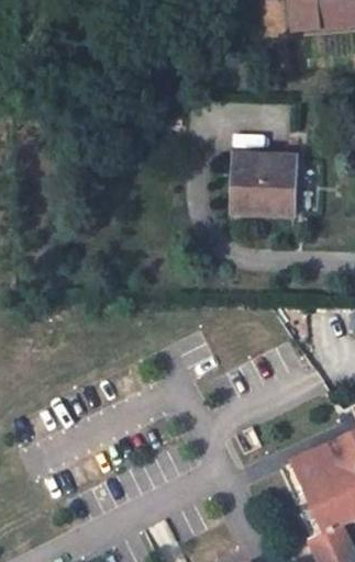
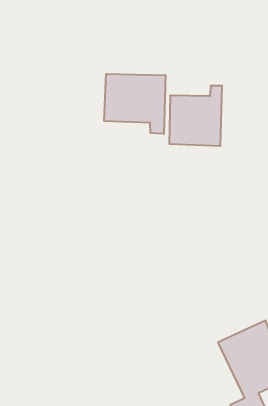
building: none -> [104,74,166,134]

